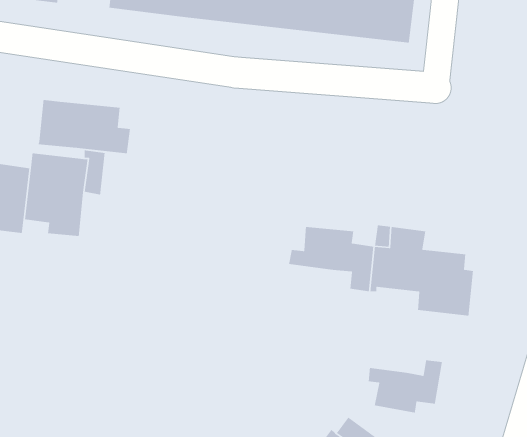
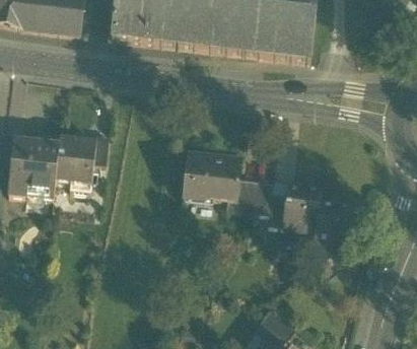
building: [38,99,131,154] -> none
building: none -> [186,151,244,198]
building: [368,360,443,414] -> none

